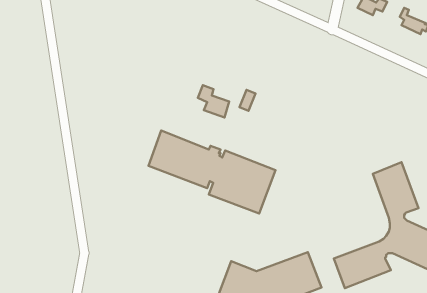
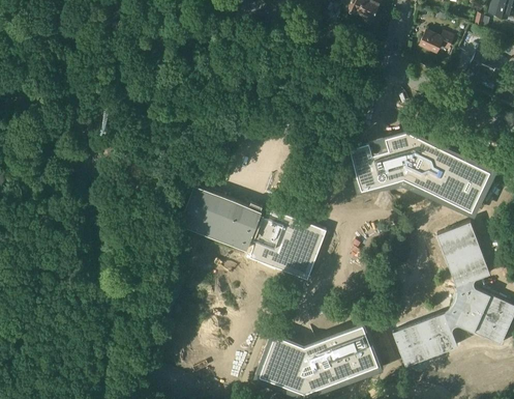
building: none -> [350,133,490,211]
building: [198,85,229,118] -> none

